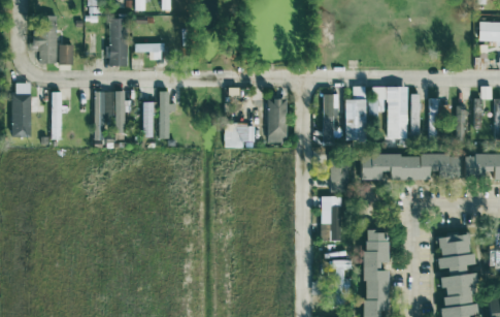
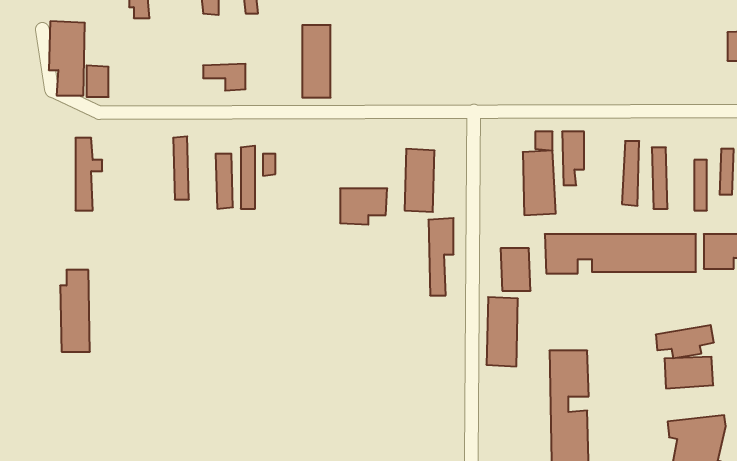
building: [109,18,128,65] -> [302,25,331,98]
building: [12,83,32,136] -> [60,270,90,352]
building: [387,86,408,138] -> none
building: [95,91,114,139] -> none
building: [324,93,340,144] -> [428,218,454,295]
building: [437,252,475,274] -> [656,325,714,358]

